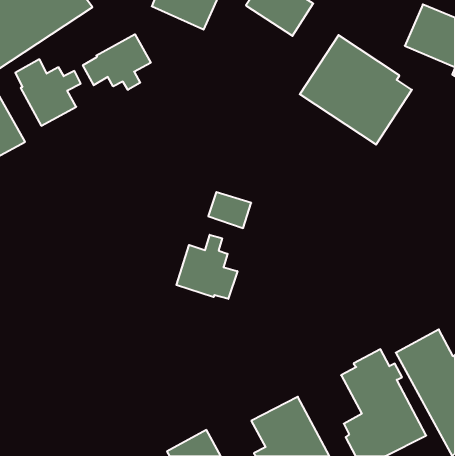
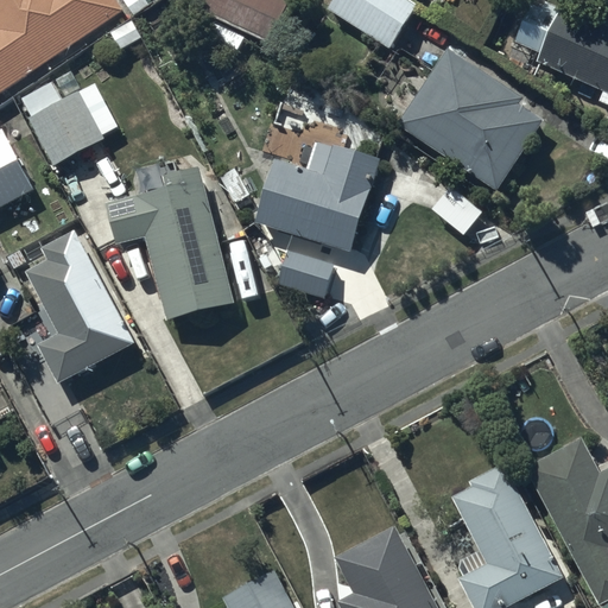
building: [83,34,151,90] -> none
building: none -> [254,140,381,253]
building: none -> [107,166,233,318]
building: none -> [25,229,134,382]
building: [176,235,237,299] -> none

